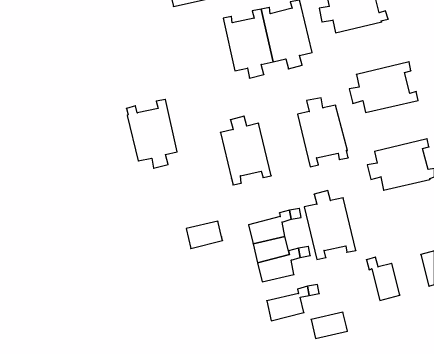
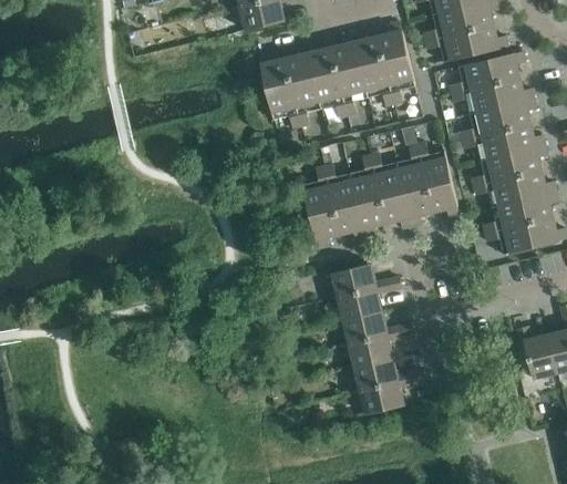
building: none -> [450,51,534,113]
building: [126,99,177,168] -> [259,44,321,128]
building: none -> [472,145,556,207]
building: [304,191,356,259] -> [350,153,413,237]
building: [186,221,223,249] -> [332,264,377,297]
building: [366,257,400,300] -> [517,326,558,379]
building: [311,312,347,338] -> [354,358,399,390]

